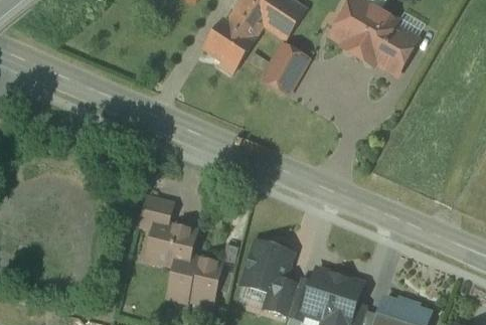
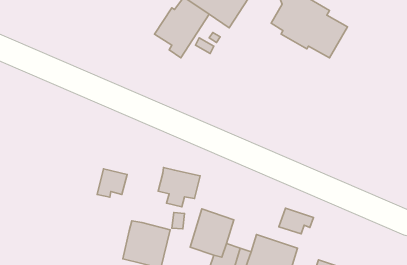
building: [263,44,307,93] -> none
building: [149,221,195,265] -> [158,168,200,207]
building: none -> [279,208,314,234]

